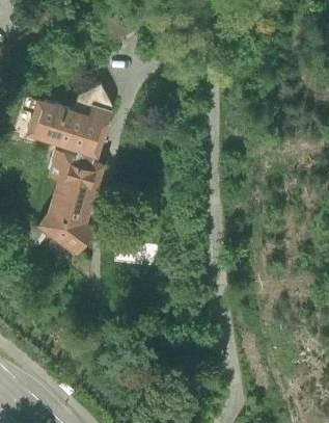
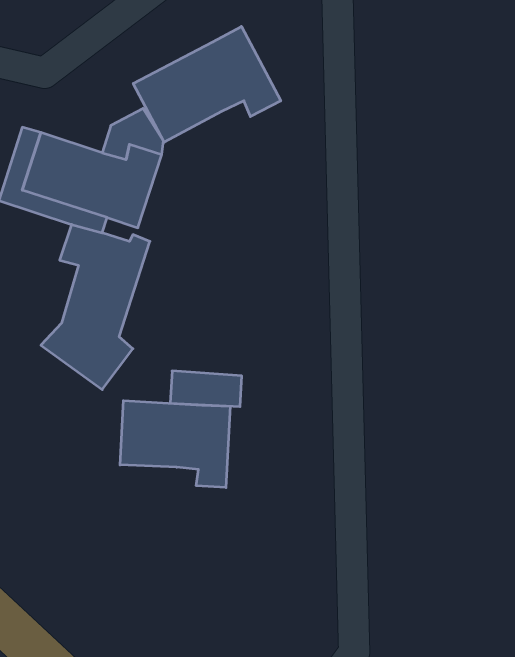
building: none -> [133,26,281,142]
building: none -> [120,401,230,488]

